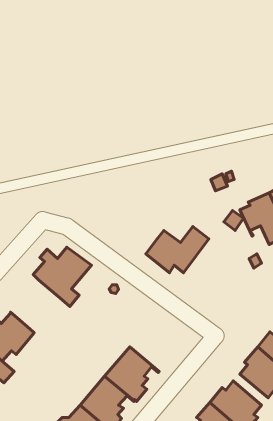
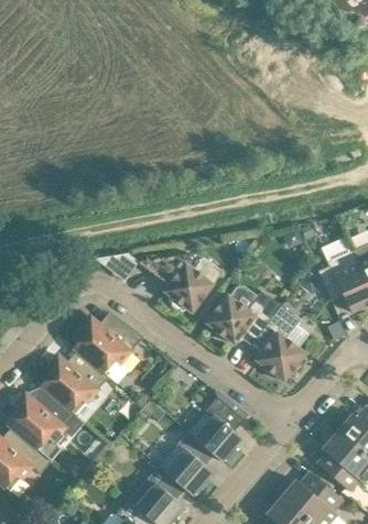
building: none -> [138,253,220,313]
building: none -> [251,305,305,381]
building: none -> [41,353,109,414]
building: none -> [188,396,245,461]

